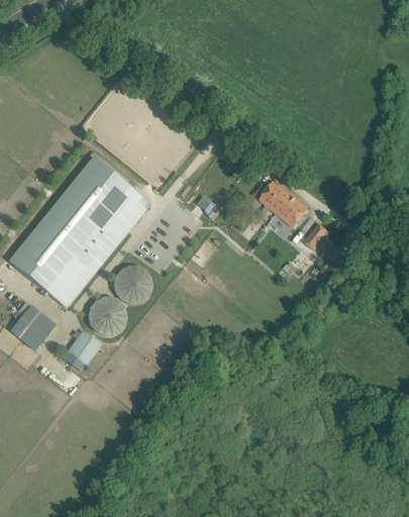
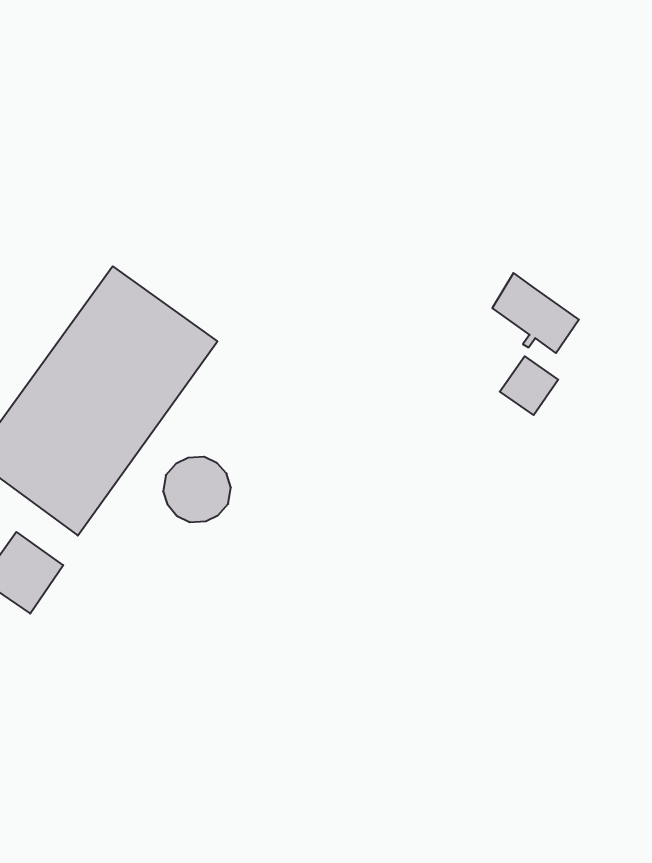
building: [260,181,308,227] -> [492,273,579,353]
building: [89,298,126,335] -> none
building: [68,329,101,363] -> none

